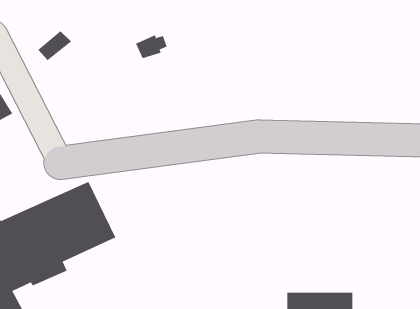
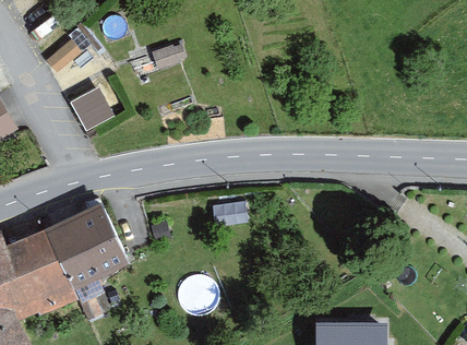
building: none -> [69,88,109,131]

